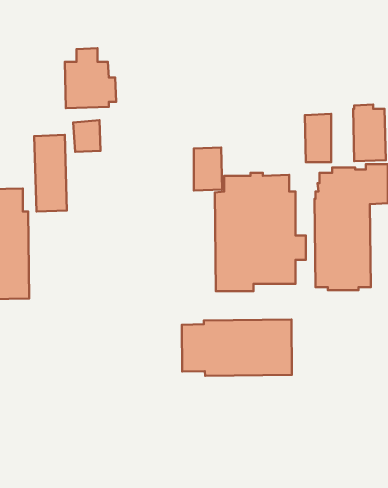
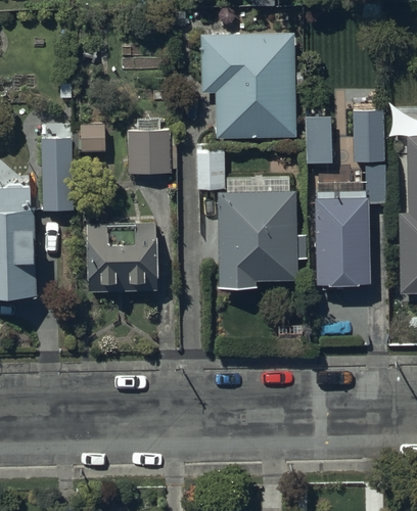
building: none -> [201,34,295,138]
building: [65,48,116,108] -> [128,117,178,175]
building: none -> [85,224,157,294]
building: [182,320,292,376] -> none

